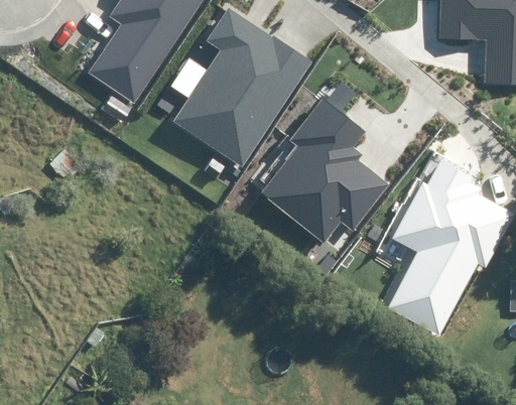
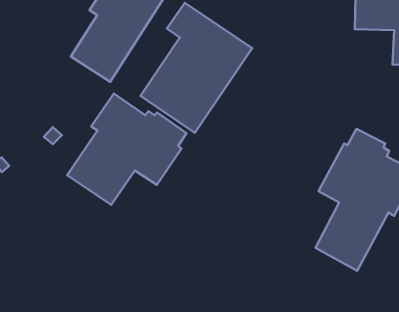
building: [261,83,391,245] -> none
building: none -> [67,93,187,205]

